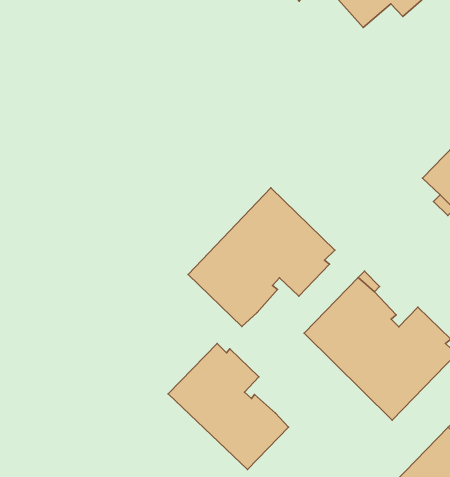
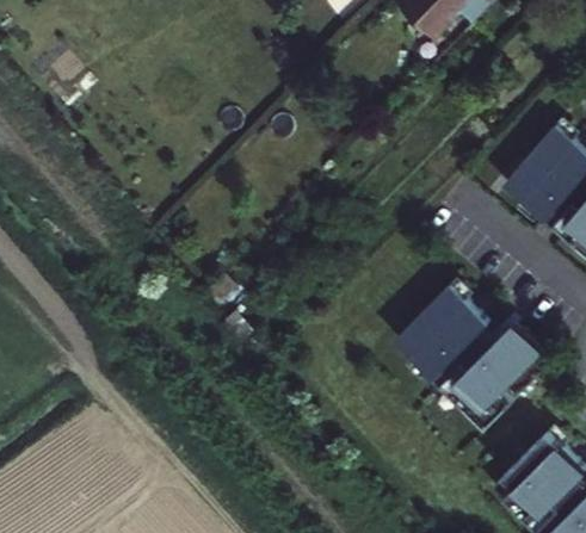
building: [188,188,335,327] -> none
building: [168,344,289,470] -> none

